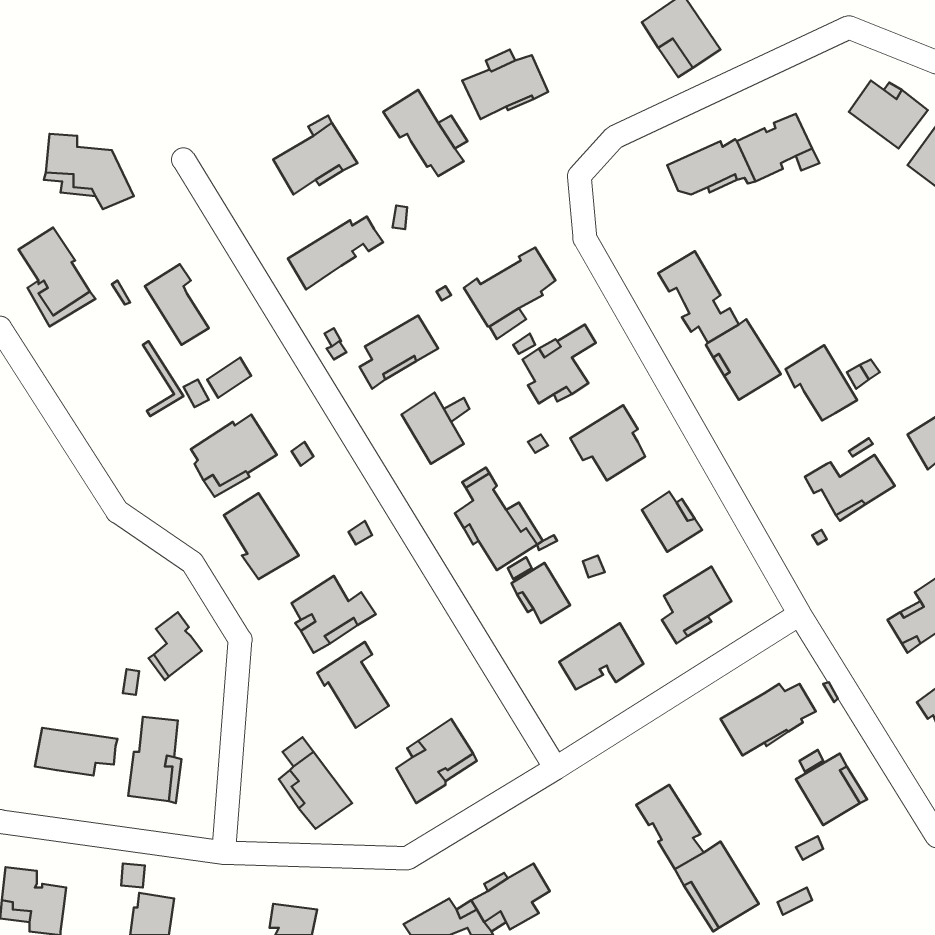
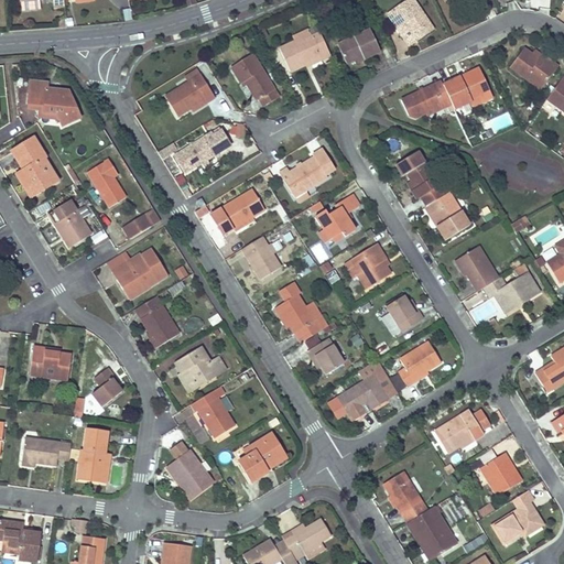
building: none -> [337,29,380,63]
building: none -> [50,200,91,248]
building: [786,345,857,420] -> [455,246,498,291]
building: none -> [30,346,72,380]
building: none -> [492,490,543,542]

